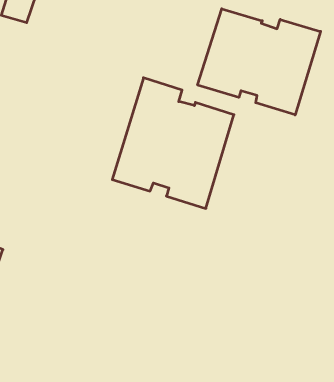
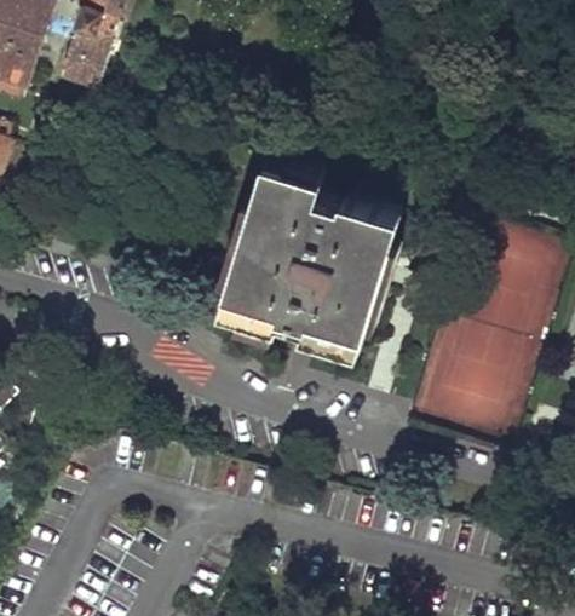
building: [198,9,321,115] -> none

